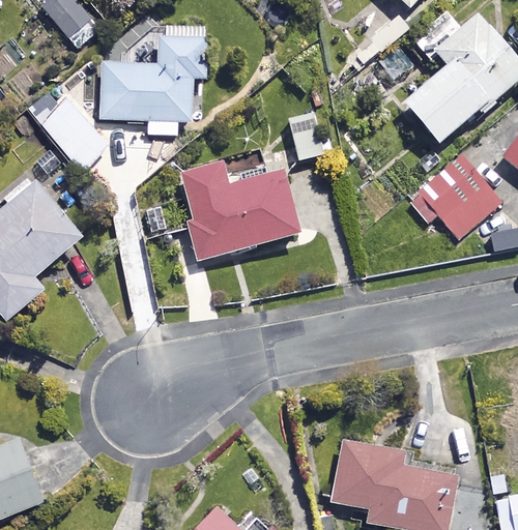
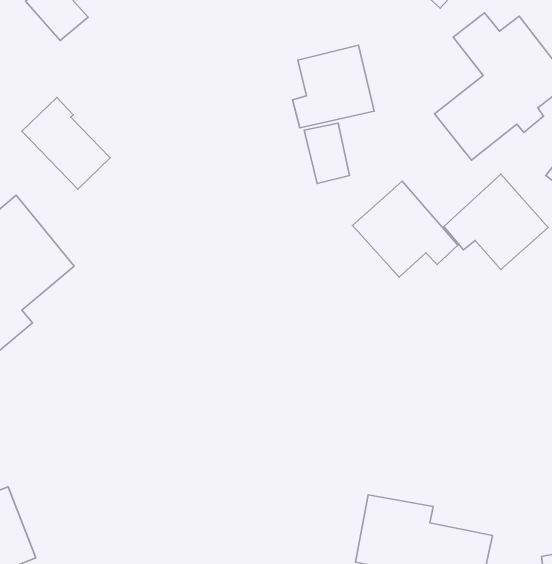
building: [96,39,206,136] -> none
building: none -> [293,45,374,128]
building: none -> [353,181,458,277]
building: [180,161,296,262] -> none

